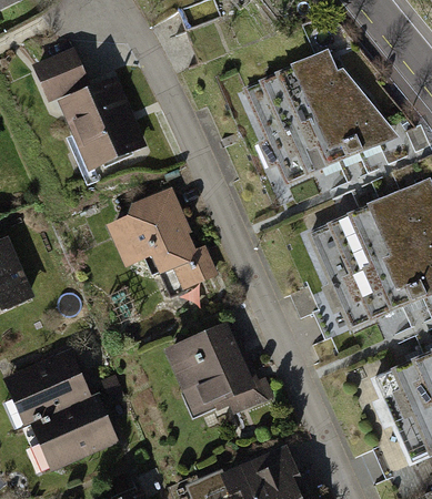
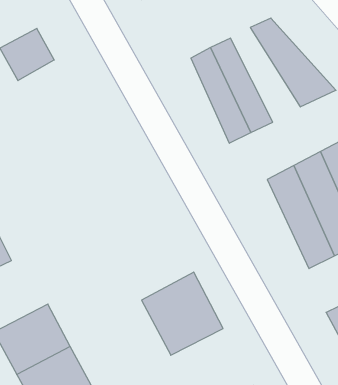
building: [284,62,355,166] -> none
building: [59,80,147,170] -> none
building: [108,190,218,286] -> none

